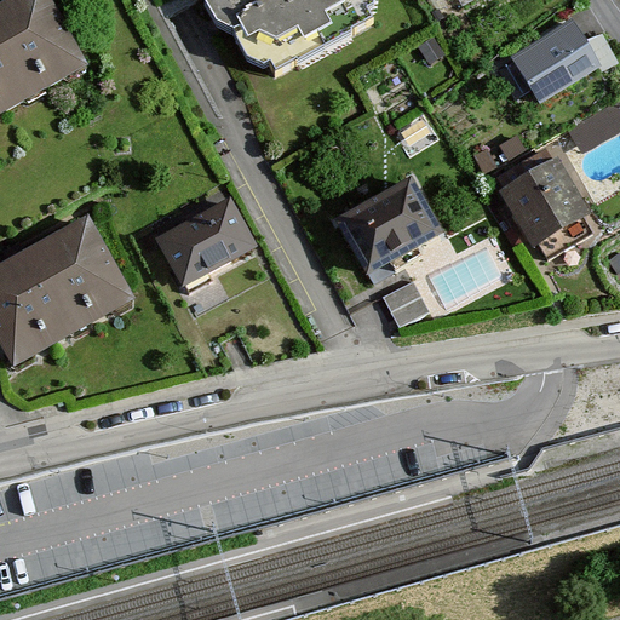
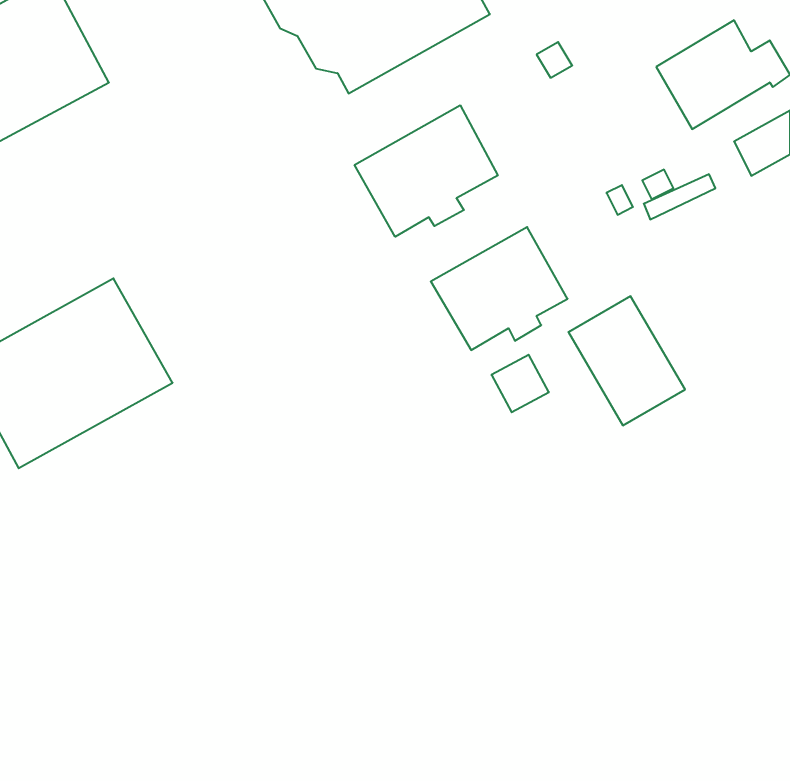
building: none -> [355,105,498,237]
building: [505,157,596,258] -> [568,296,685,425]
building: [156,195,254,281] -> none

